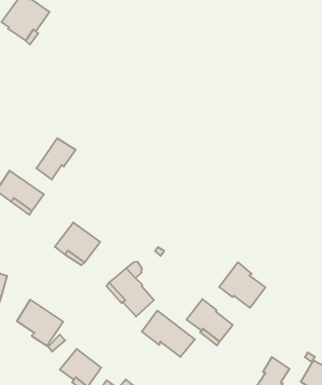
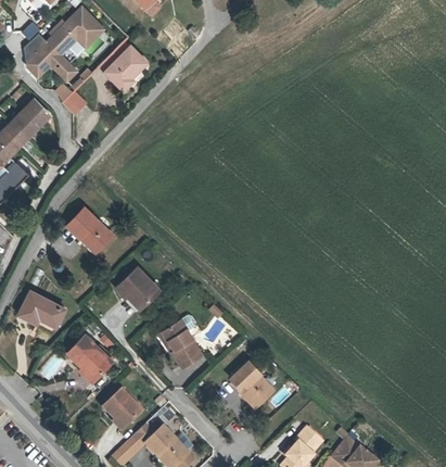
building: [36,138,76,180] -> none
building: [219,262,265,308] -> none
building: [142,311,195,357] -> none

